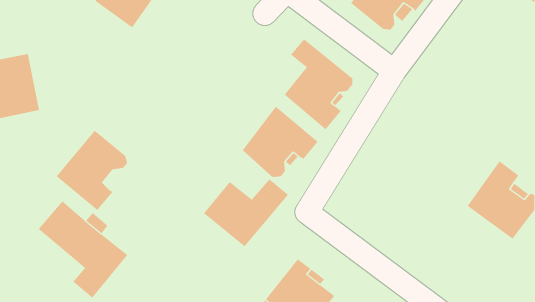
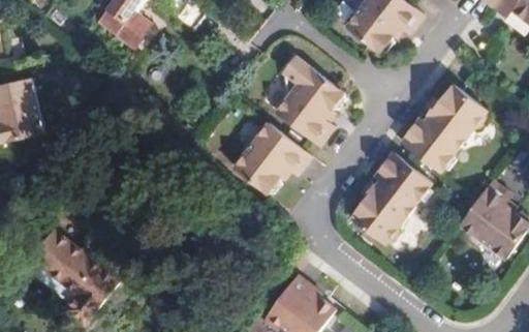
building: none -> [401,90,493,177]
building: [56,130,128,211] -> none
building: none -> [355,156,435,249]
building: [203,179,289,247] -> none

